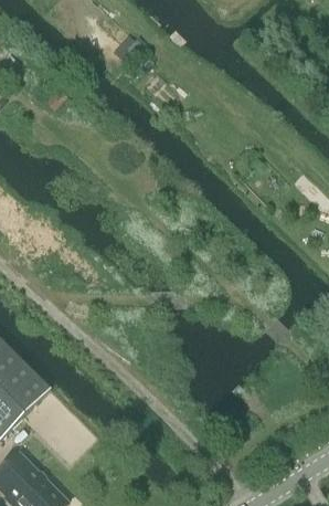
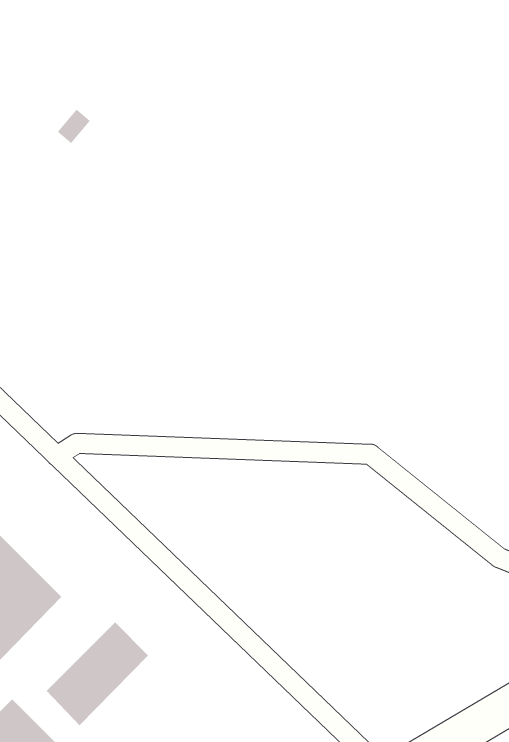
building: none -> [46,622,149,726]

